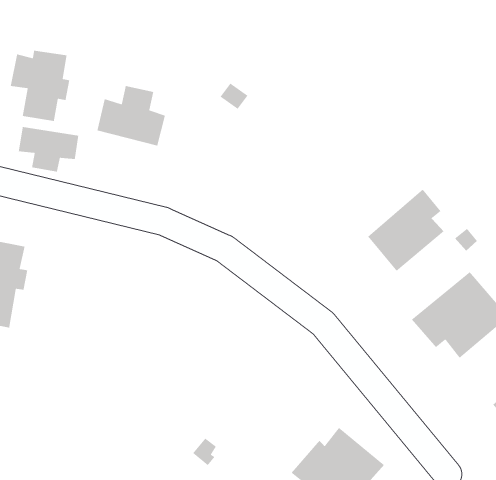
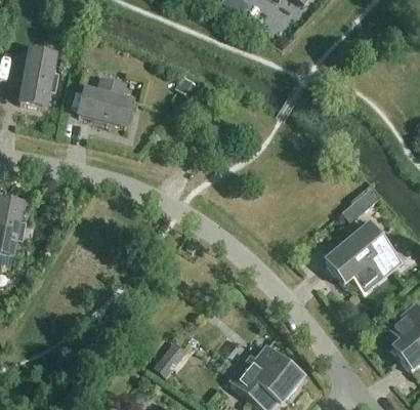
building: [18,126,79,172] -> none
building: [367,189,444,272] -> none

